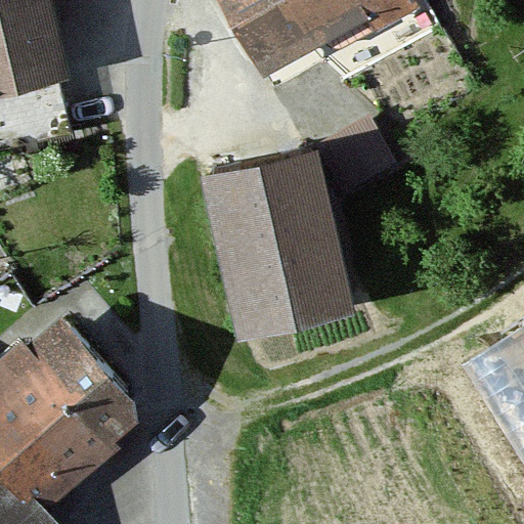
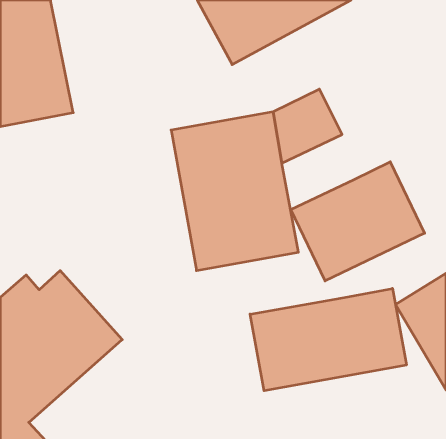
building: none -> [291,162,425,281]
building: none -> [250,288,406,391]

